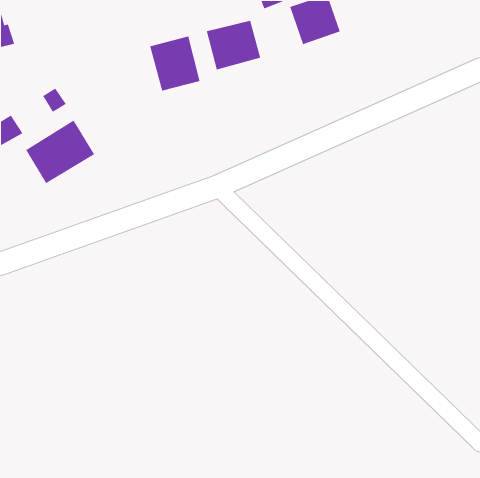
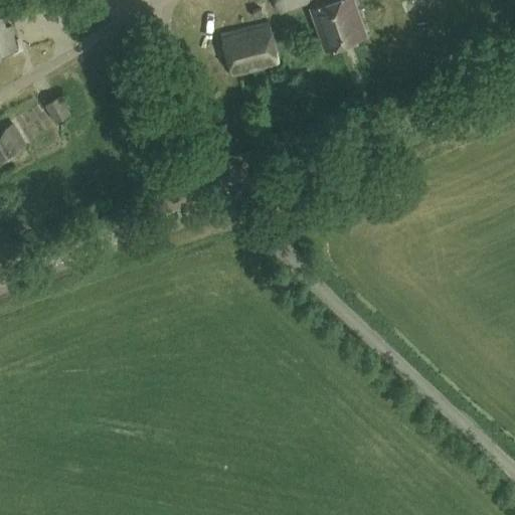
building: [149,36,201,91] -> none
building: [25,120,95,184] -> none

